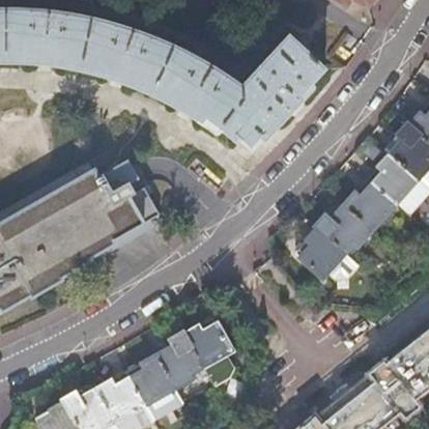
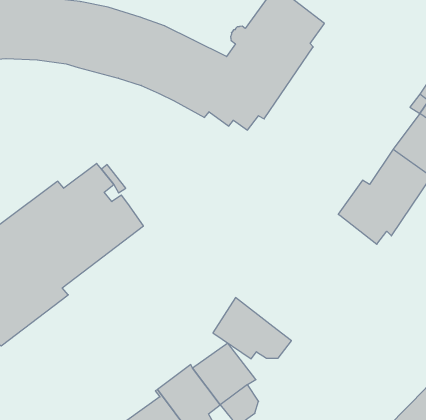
building: [295,226,358,279] -> [213,298,291,359]

